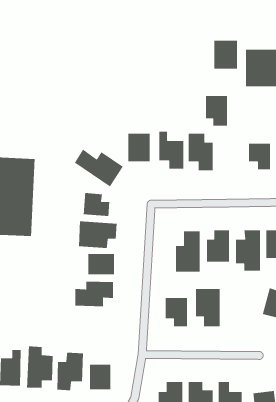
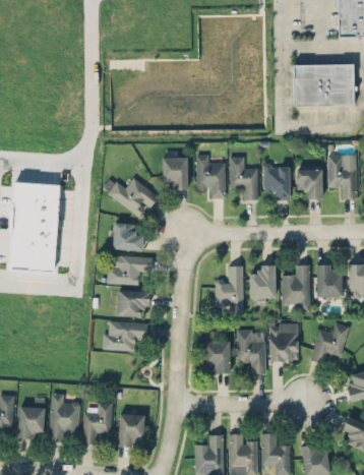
building: [213,40,238,70] -> none
building: [205,95,228,126] -> [264,165,290,199]
building: none -> [268,322,298,361]

